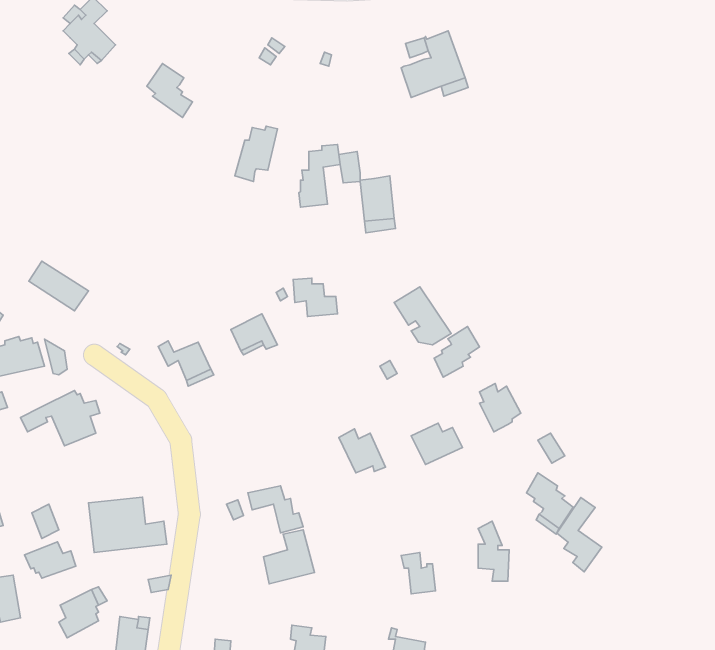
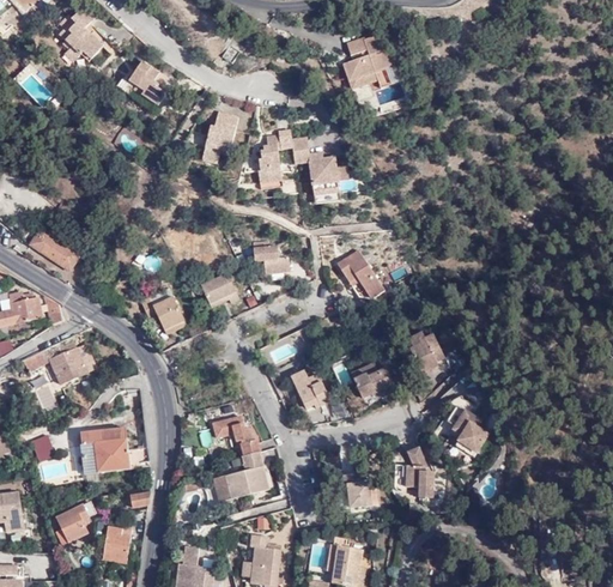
building: [434,327,479,377] -> none
building: [557,497,602,572] -> none
building: [24,542,76,578] -> none

